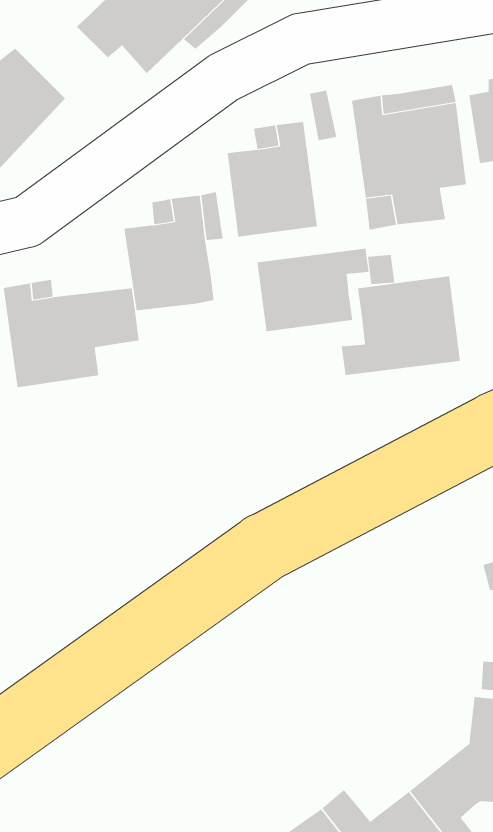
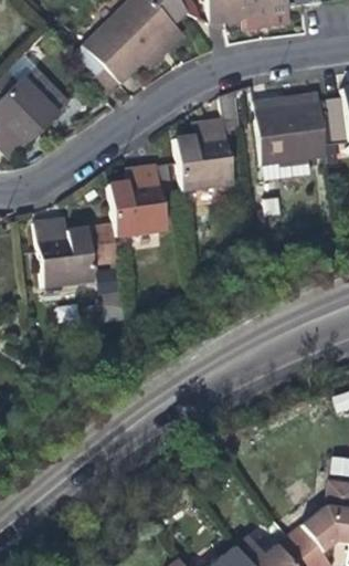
building: [257,248,369,332] -> none
building: [341,275,460,376] -> none

